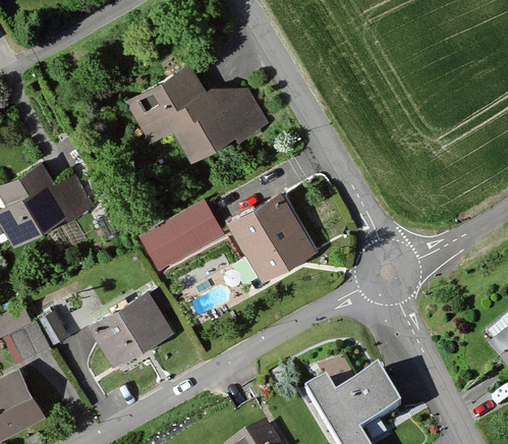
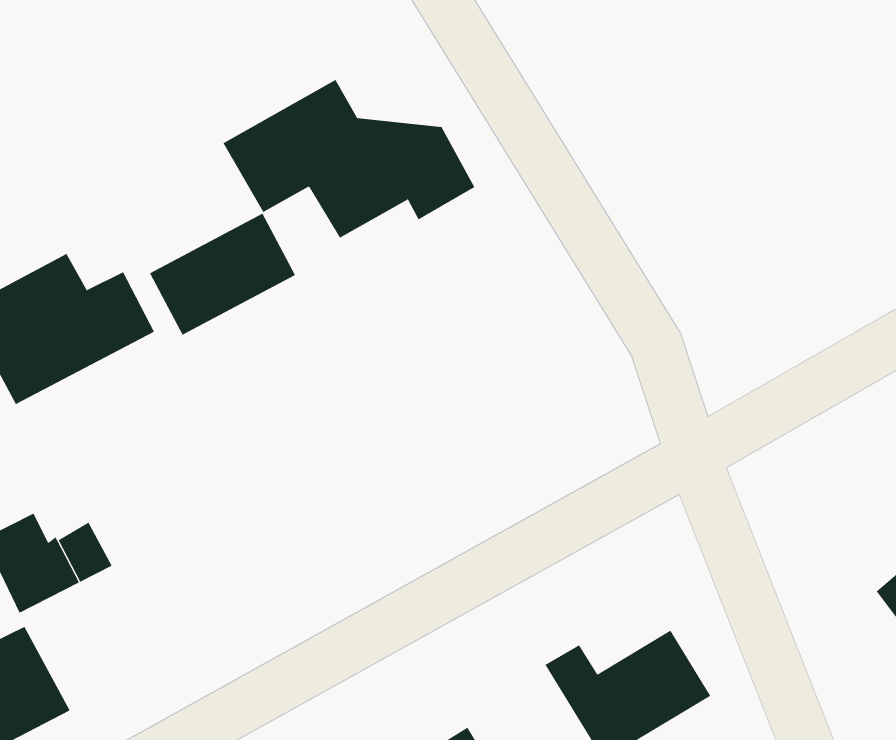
building: [228,192,312,280] -> none
building: [140,203,222,271] -> [149,213,296,335]
building: [95,291,179,370] -> none

